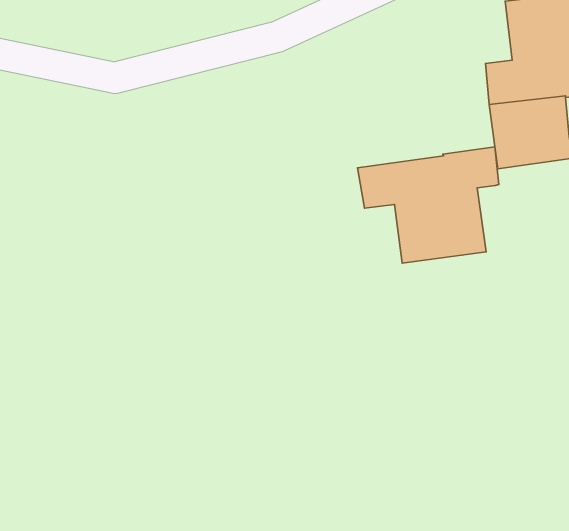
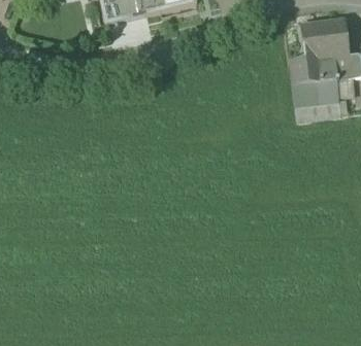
building: [357,147,499,263] -> none

